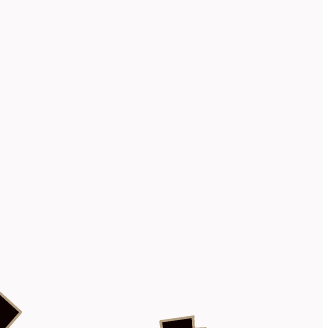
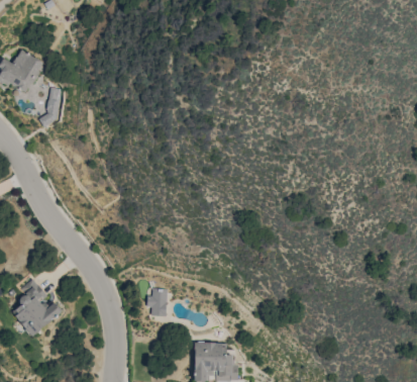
building: none -> [149,289,168,316]

